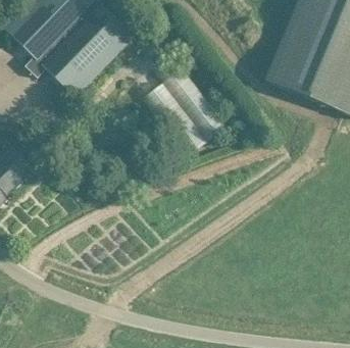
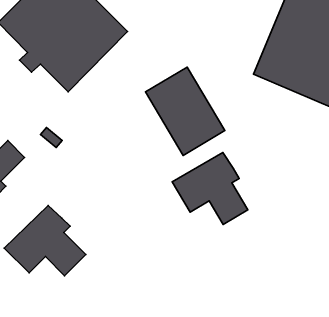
building: none -> [172,152,248,224]
building: none -> [4,205,86,276]

